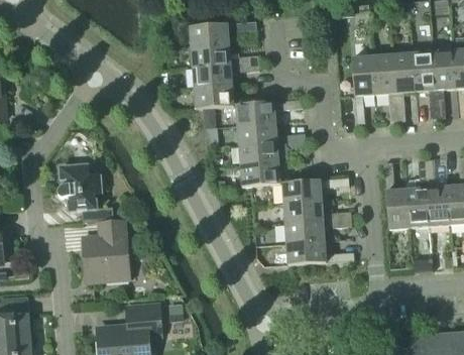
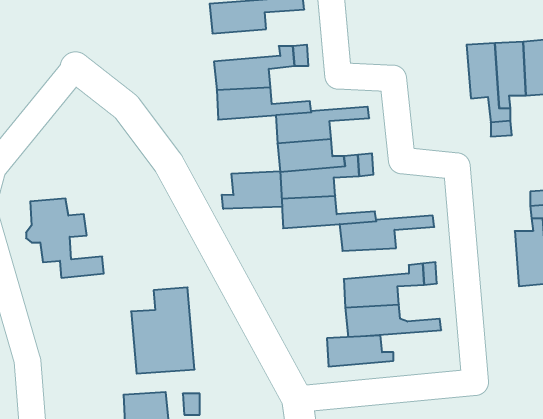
building: [191,45,239,69] -> none
building: [351,56,375,125] -> none
building: none -> [222,171,282,209]
building: [383,163,410,230] -> none
building: [283,202,331,224] -> [327,335,393,366]
building: [83,221,128,282] -> [131,287,195,374]

